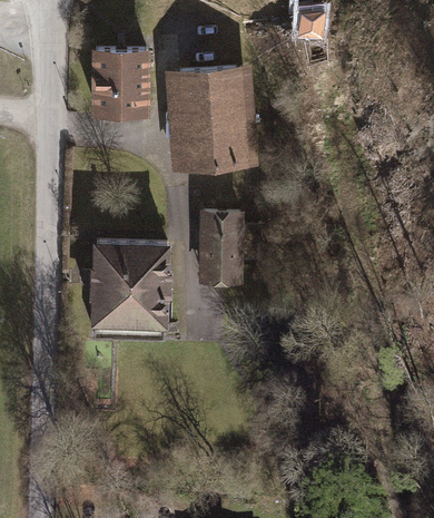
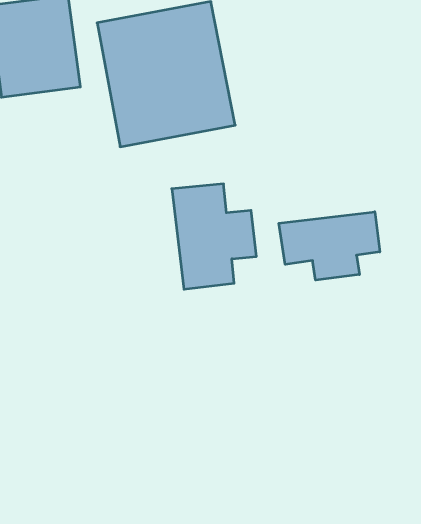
building: [85,238,171,341] -> none
building: none -> [279,212,380,280]

